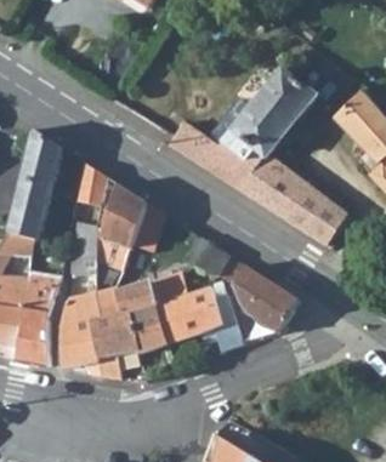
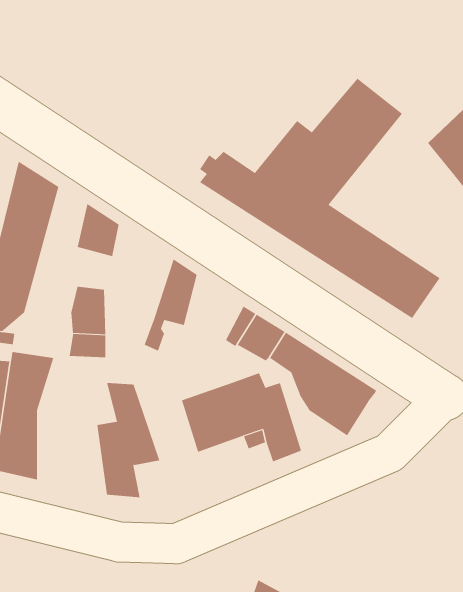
building: [102,182,147,245] -> none
building: [117,267,191,354] -> none
building: [57,296,104,376] -> none

